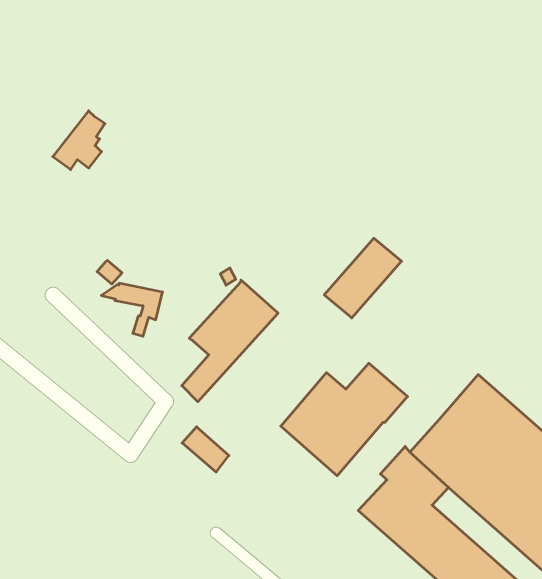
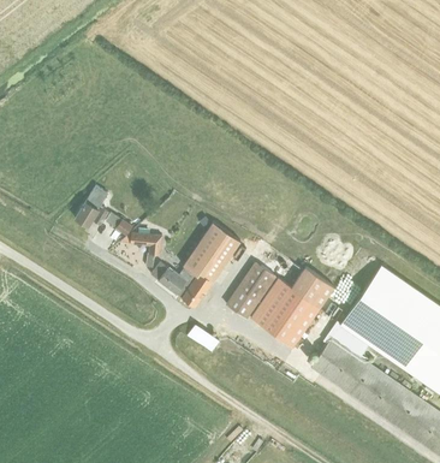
building: [53,111,105,170] -> [76,185,108,226]
building: [324,238,402,318] -> [226,261,275,316]
building: none -> [150,261,197,297]

